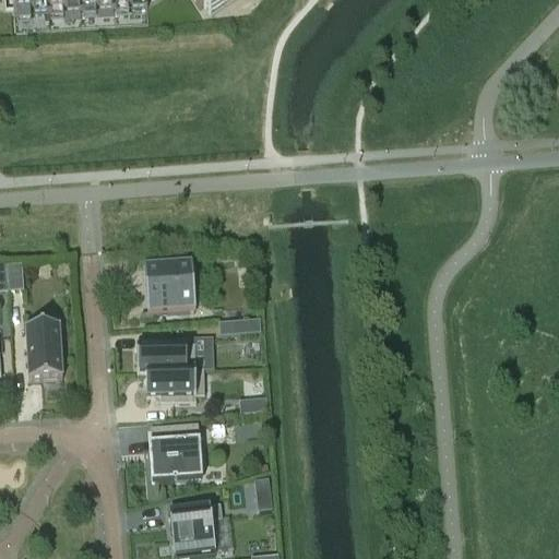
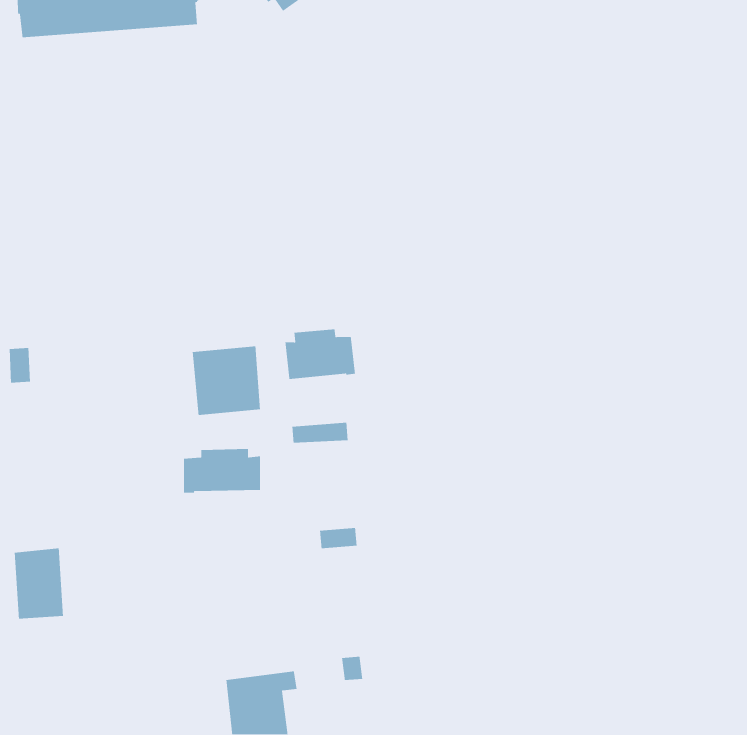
building: none -> [284,329,356,380]
building: [26,322,63,376] -> [14,548,64,619]
building: [146,365,205,399] -> none
building: [151,418,203,477] -> none

